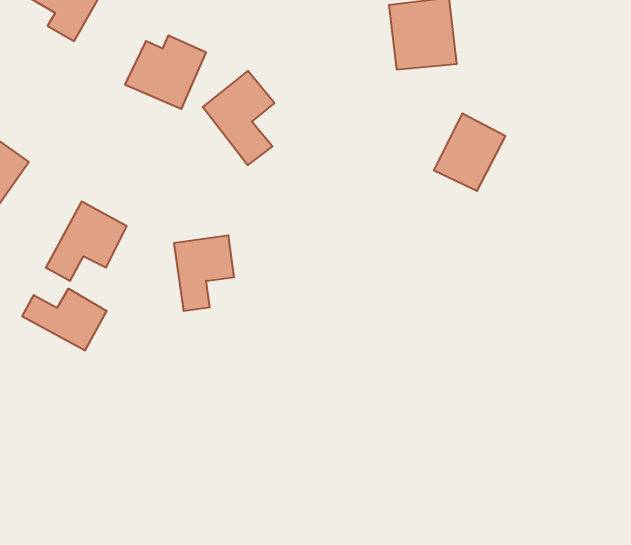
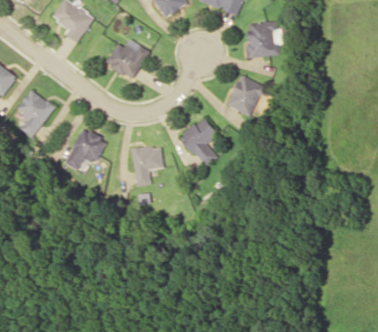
building: [203,71,274,165] -> [180,116,218,166]
building: [434,114,505,191] -> [226,74,264,115]
building: [22,289,107,351] -> none

